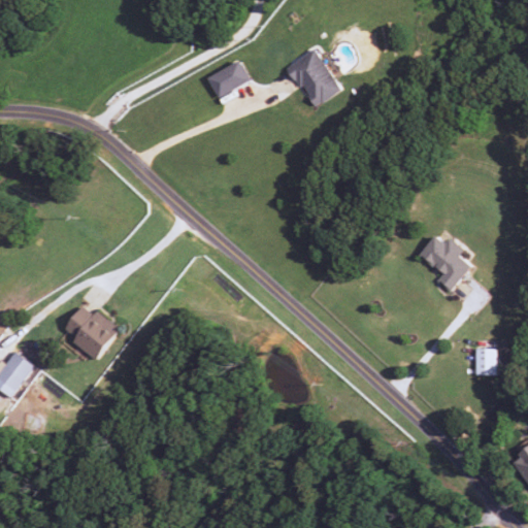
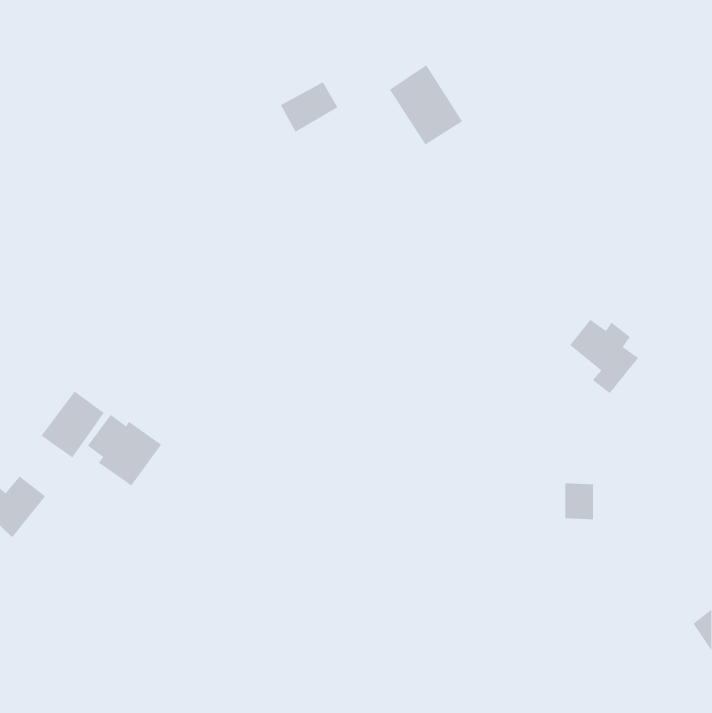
building: none -> [41,390,105,459]
building: [475,348,497,375] -> [564,482,594,520]

